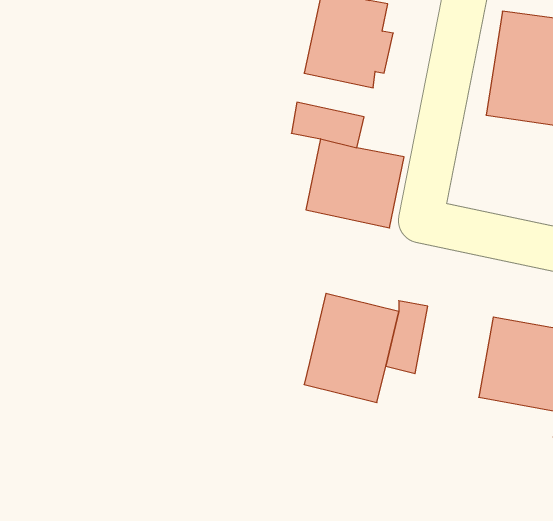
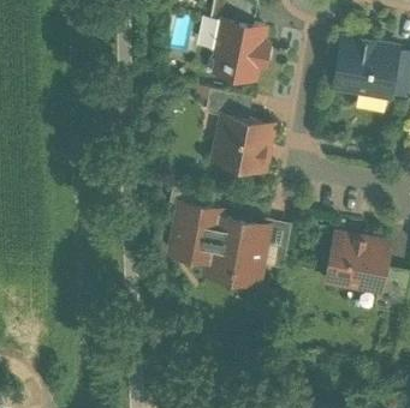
building: none -> [166,199,226,264]

